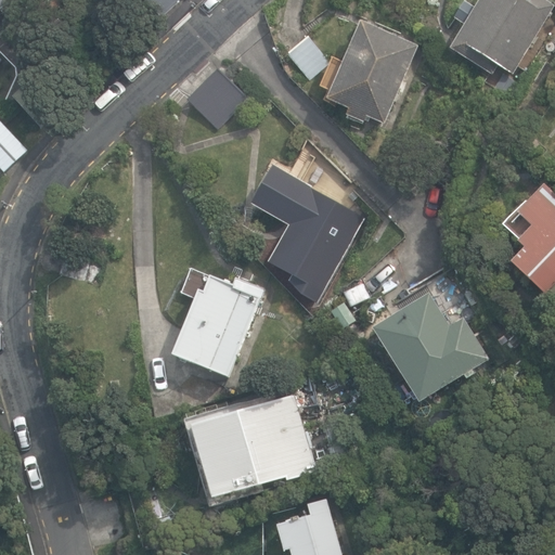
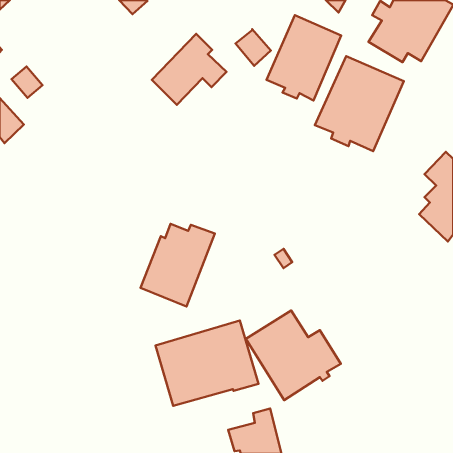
building: none -> [315,56,404,151]
building: [248,163,363,291] -> none
building: [374,295,490,404] -> [246,311,341,400]

